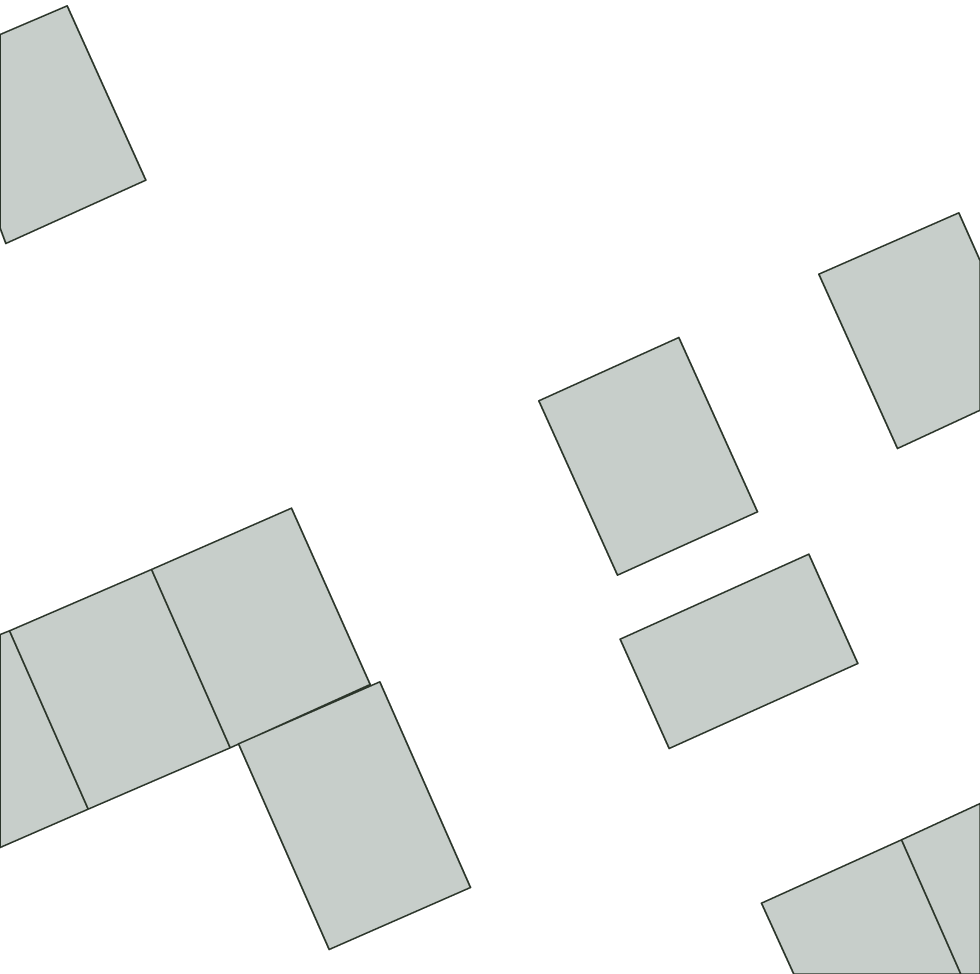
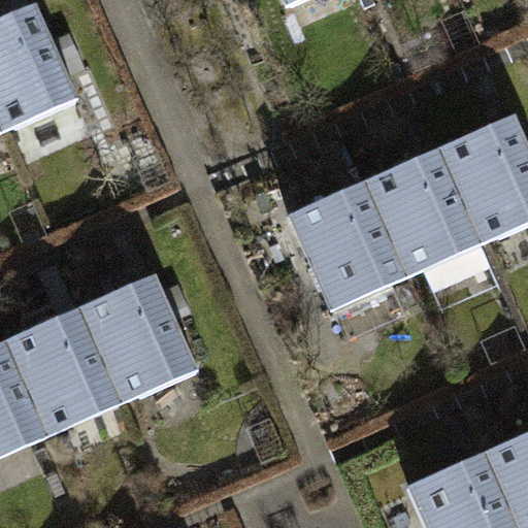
building: none -> [365,147,483,275]
building: [620,554,858,748] -> none
building: [239,682,470,949] -> none

